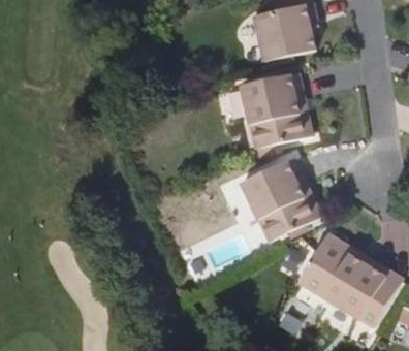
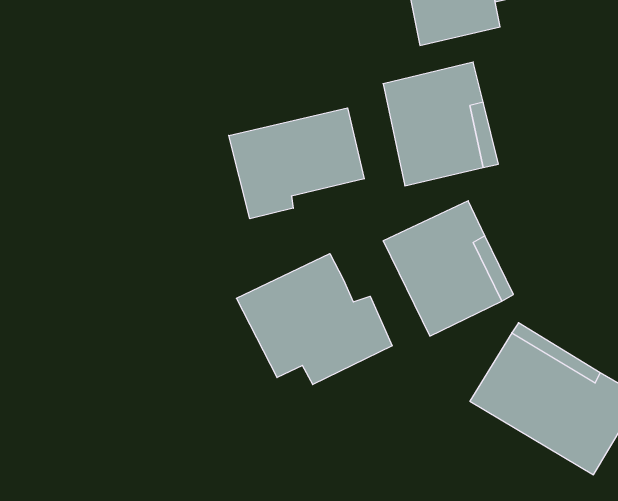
building: none -> [229,108,364,219]
building: none -> [236,254,392,385]

